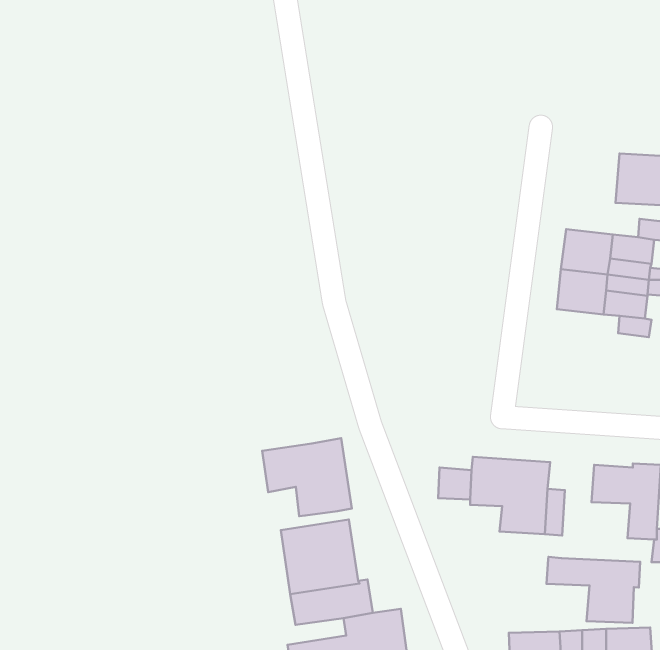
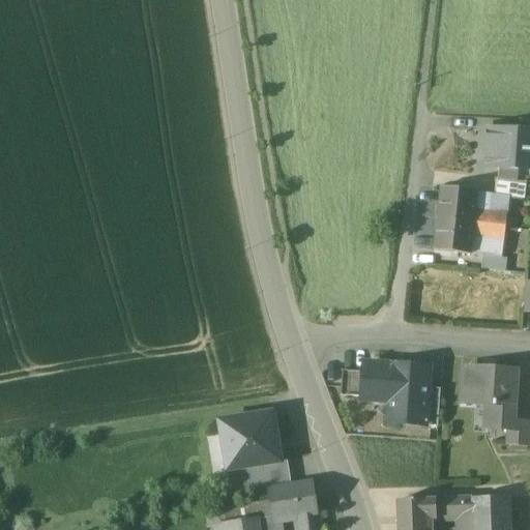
building: [262,438,352,516] -> none
building: [547,557,640,623] -> none

